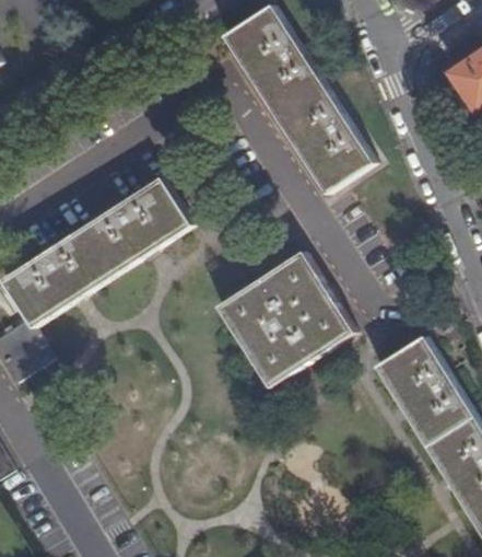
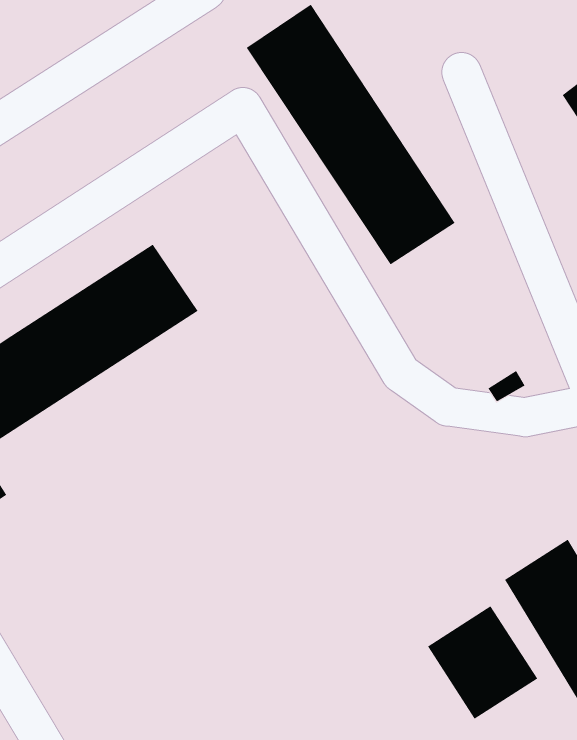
building: [218,253,353,385] -> none
building: [376,338,456,420] -> [427,606,538,720]

